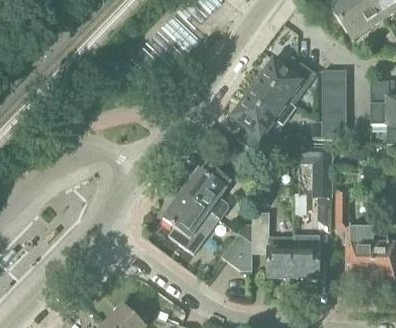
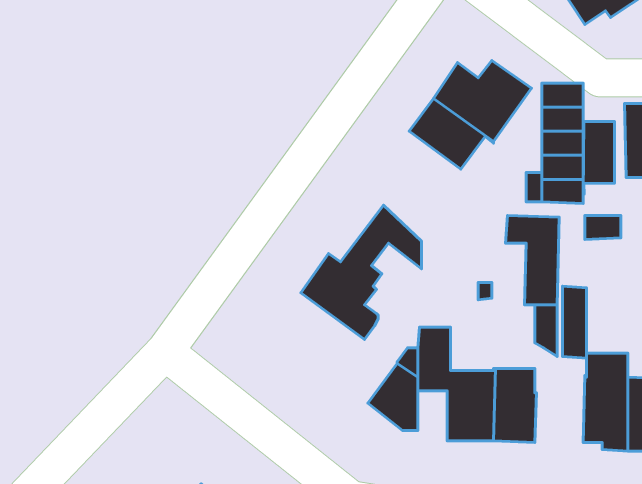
building: none -> [583,121,615,194]
building: [230,97,275,153] -> none
building: [163,191,219,253] -> none

